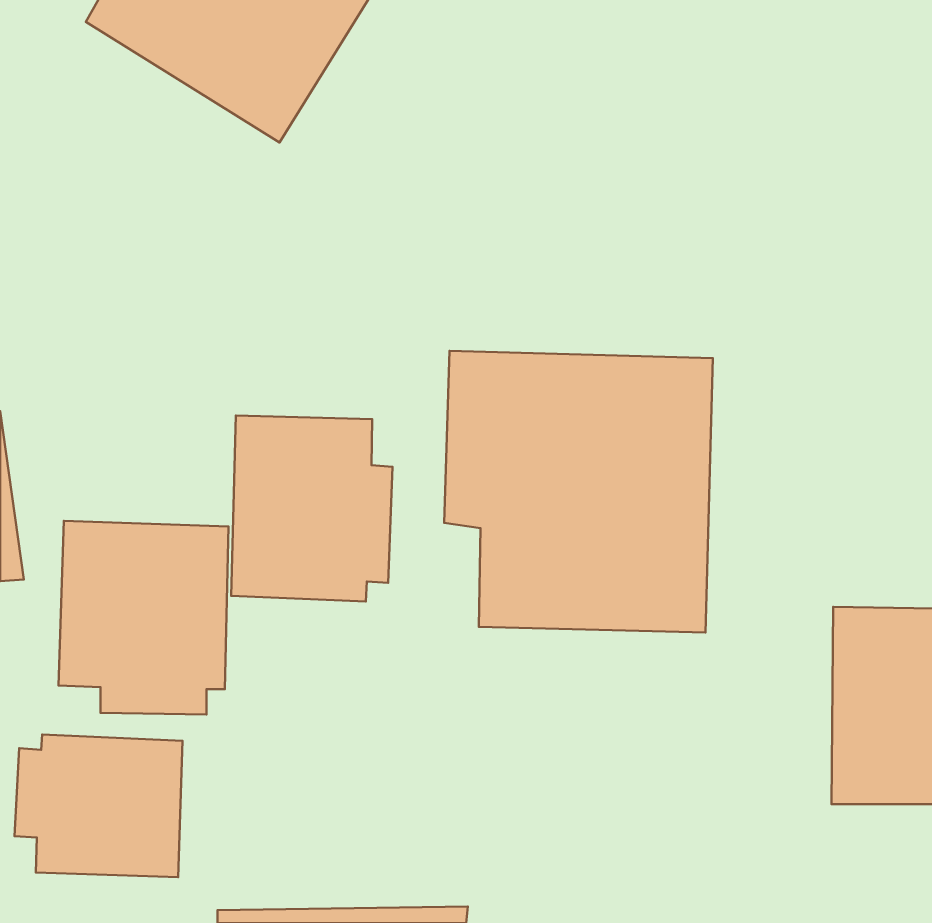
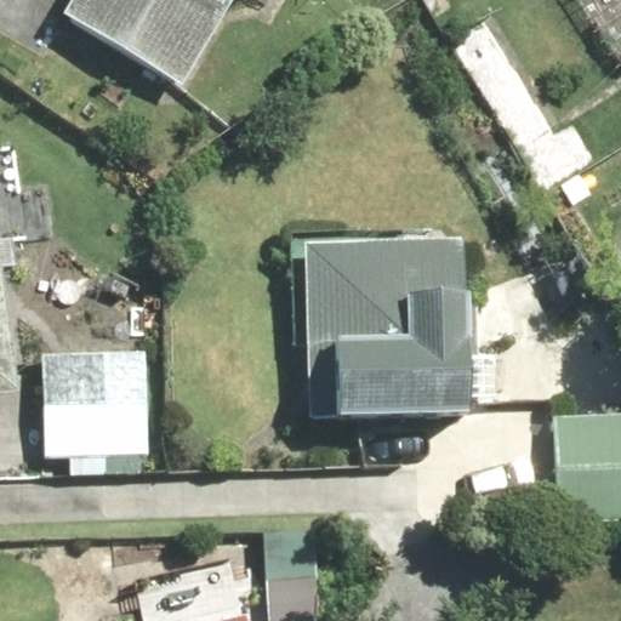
building: [231,415,393,601] -> none
building: [15,735,183,877] -> none

